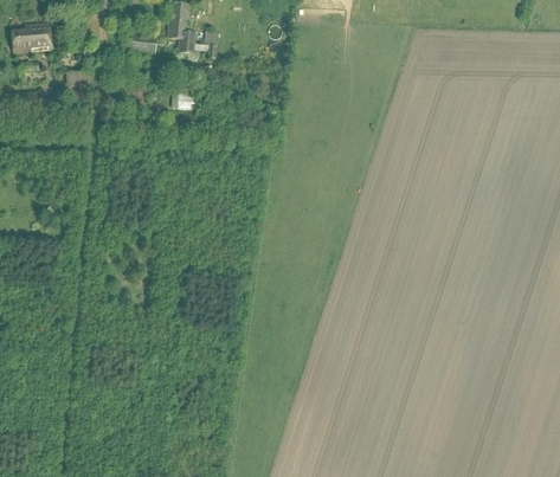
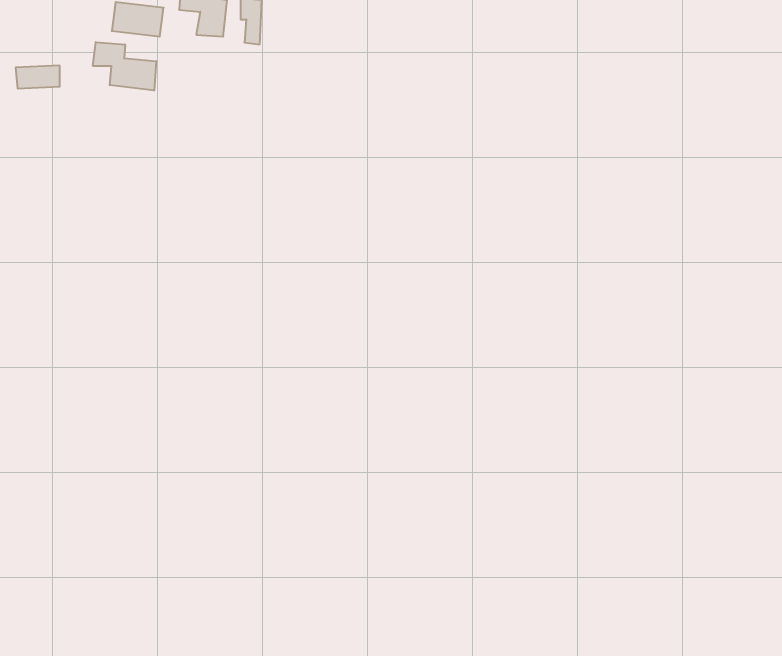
building: none -> [93,42,156,91]

